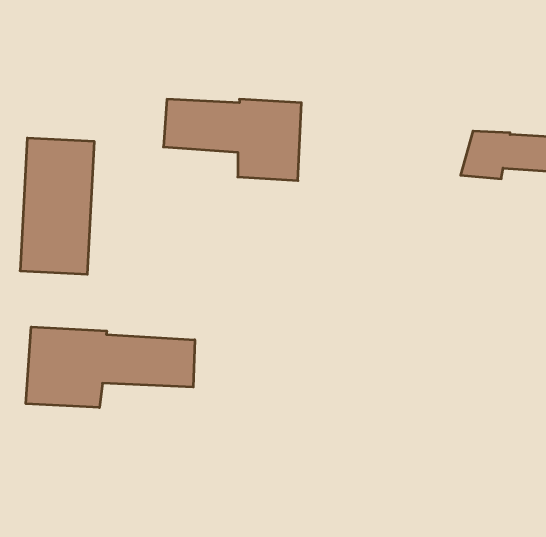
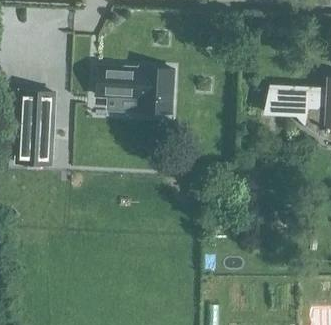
building: [26,327,195,408] -> none

